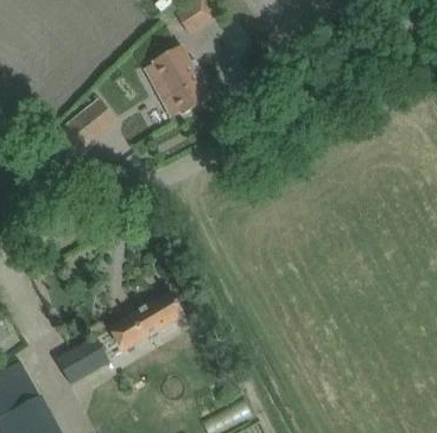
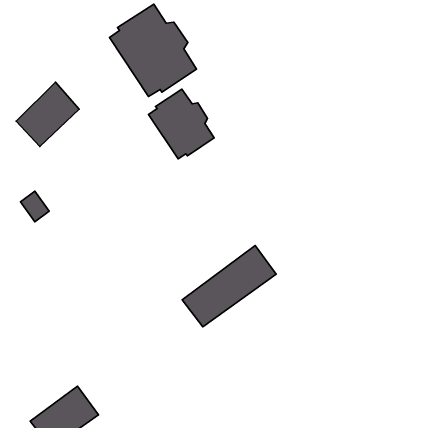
building: none -> [149,89,214,159]
building: [109,292,184,351] -> [182,246,276,327]

